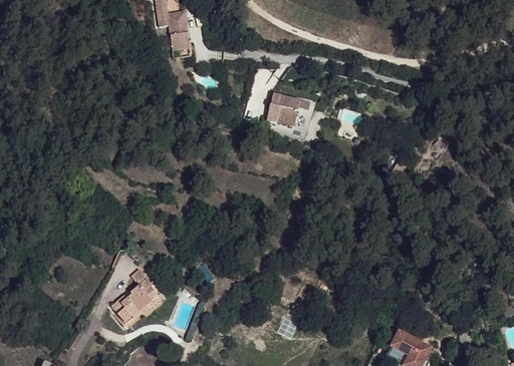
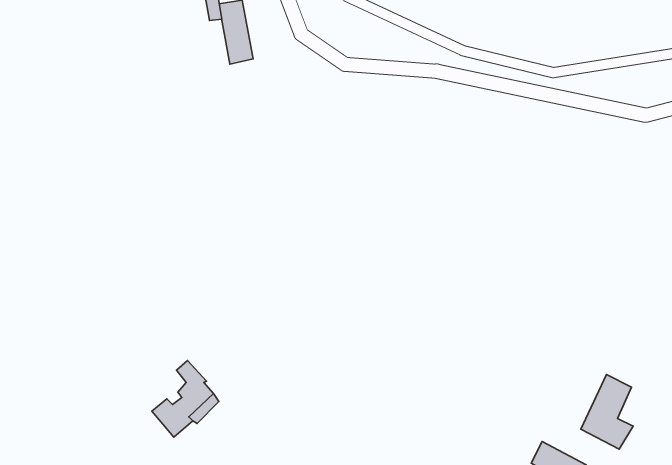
building: [268,90,310,124] -> none
building: none -> [581,375,633,449]

